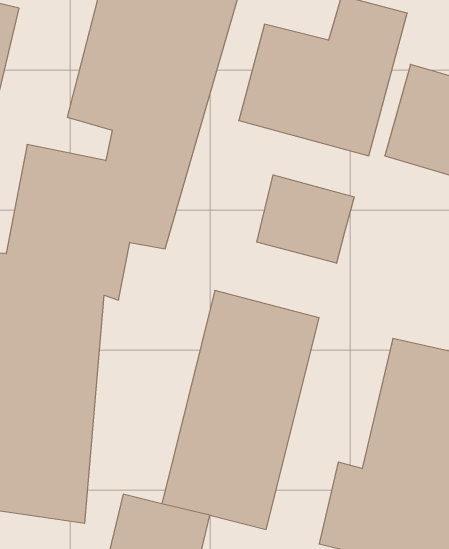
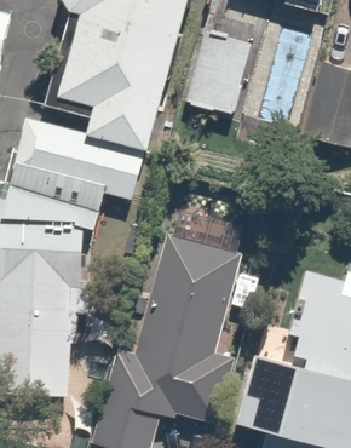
building: [257,175,354,263] -> none

